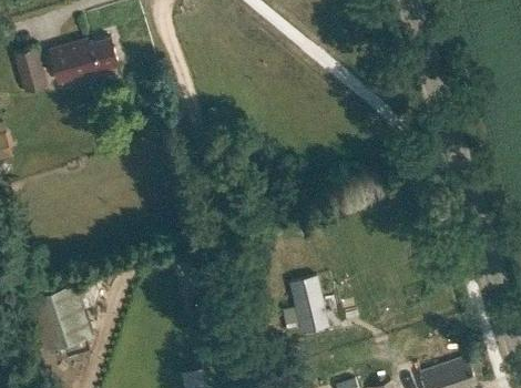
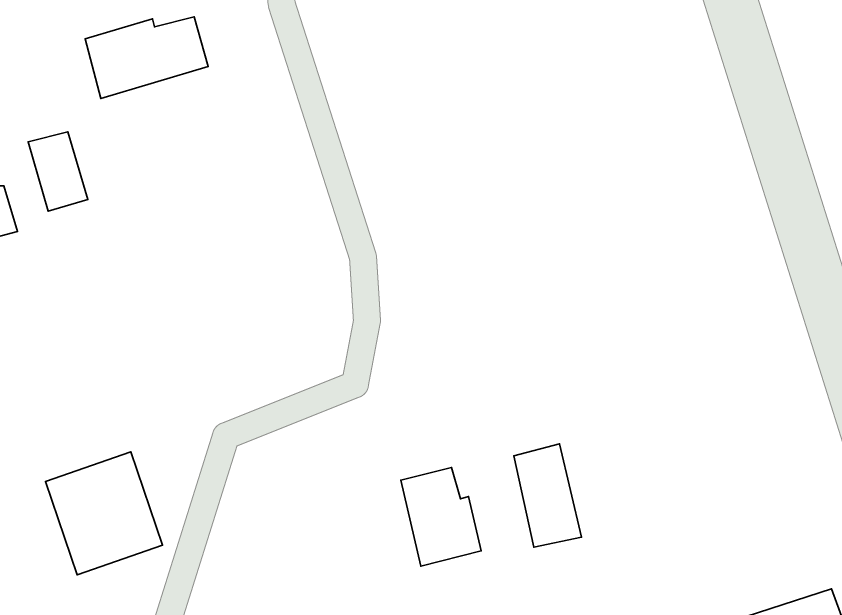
building: [14,49,48,93] -> [28,132,88,211]
building: none -> [401,468,481,566]

